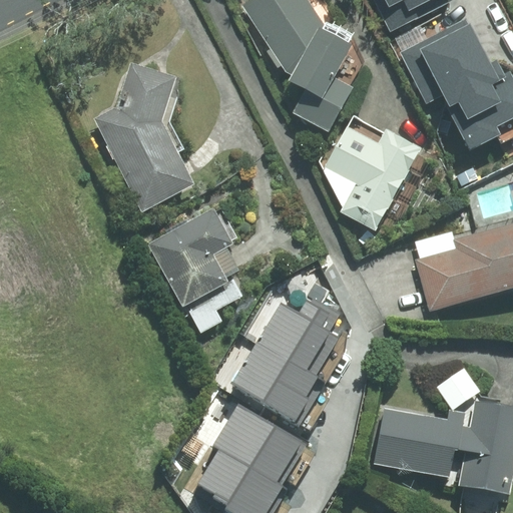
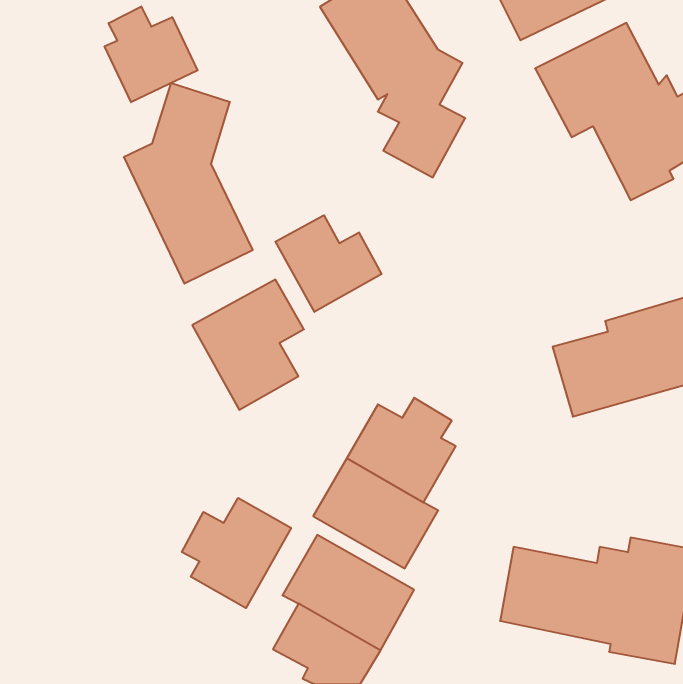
building: none -> [105,6,198,102]
building: [323,127,418,231] -> none
building: none -> [275,215,382,312]
building: none -> [182,498,291,608]

